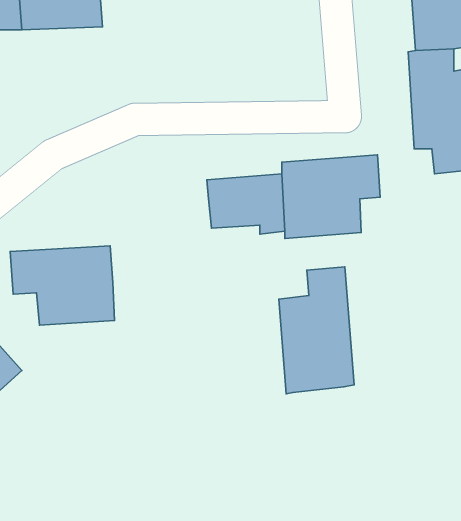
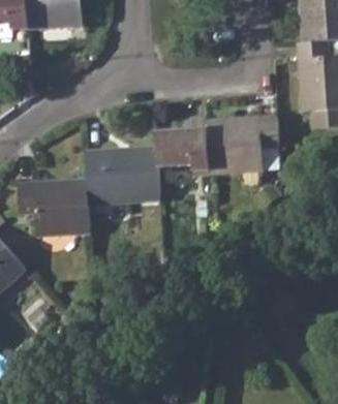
building: none -> [86,147,161,206]
building: [279,267,354,394] -> none

